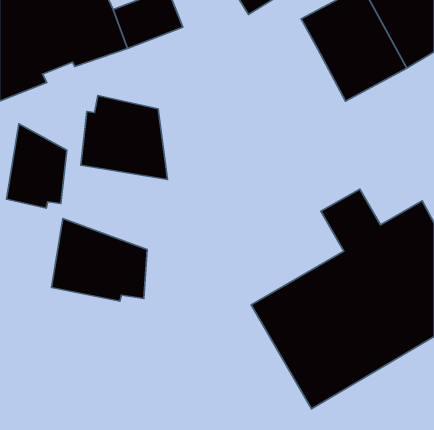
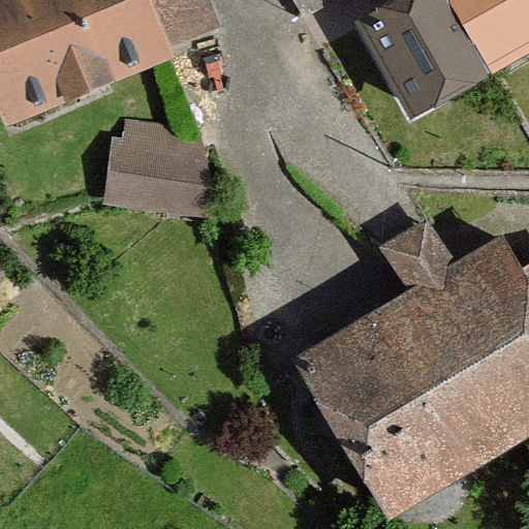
building: [6,124,67,208] -> none
building: [51,219,147,301] -> none

